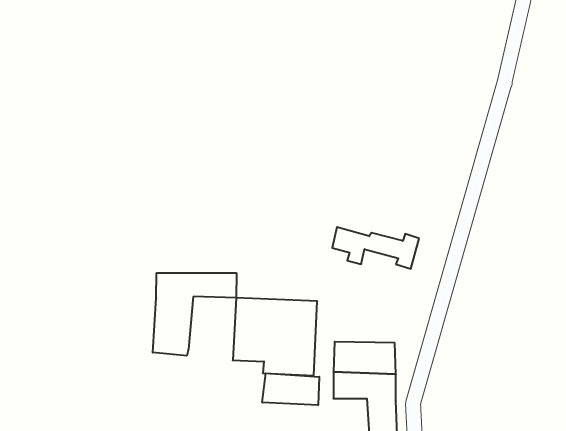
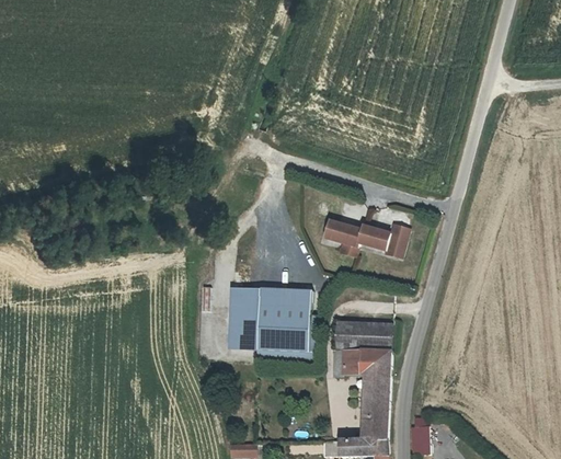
building: [153,273,236,356] -> none
building: [262,373,319,405] -> none

